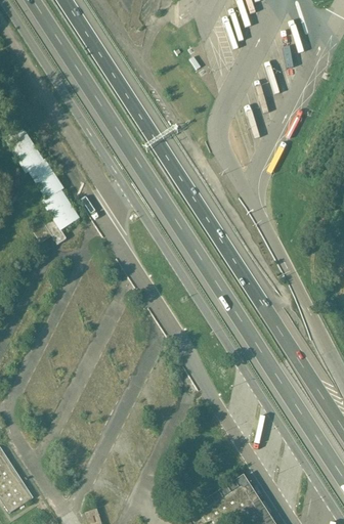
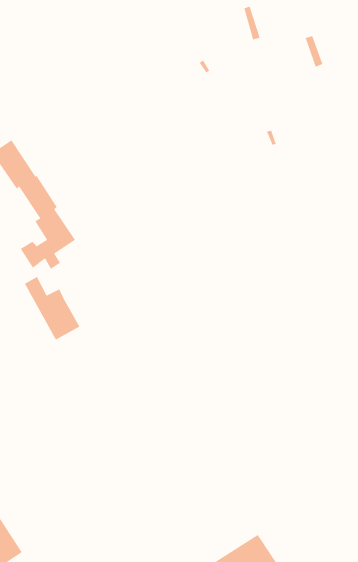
building: none -> [24,276,80,340]

